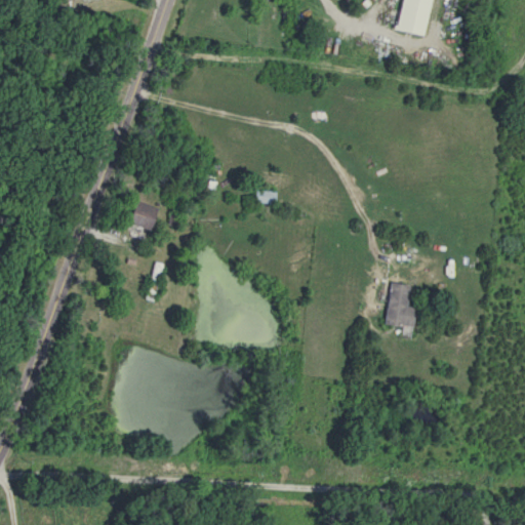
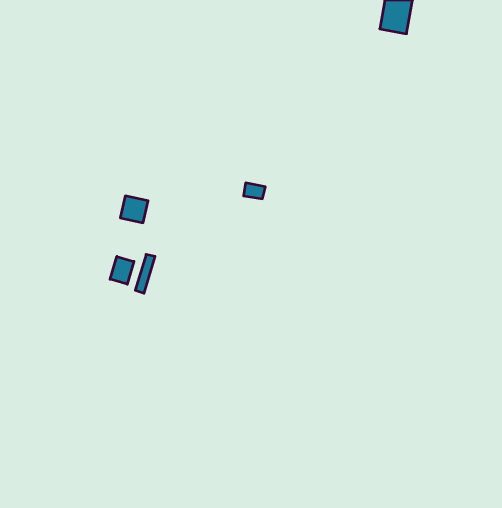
building: none -> [110,256,134,284]
building: [385,282,415,328] -> none

